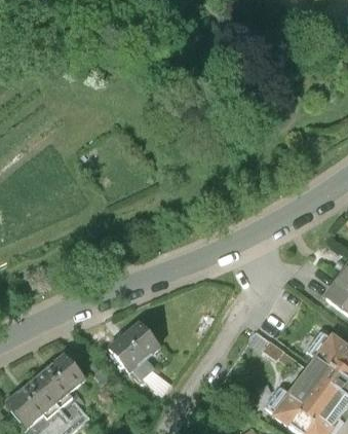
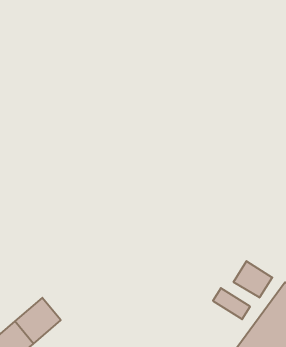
building: none -> [234,261,272,298]
building: [117,319,167,368] -> none

